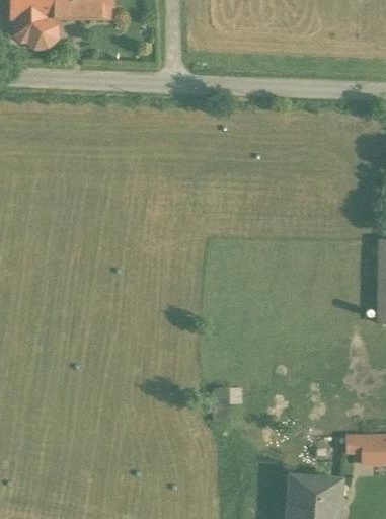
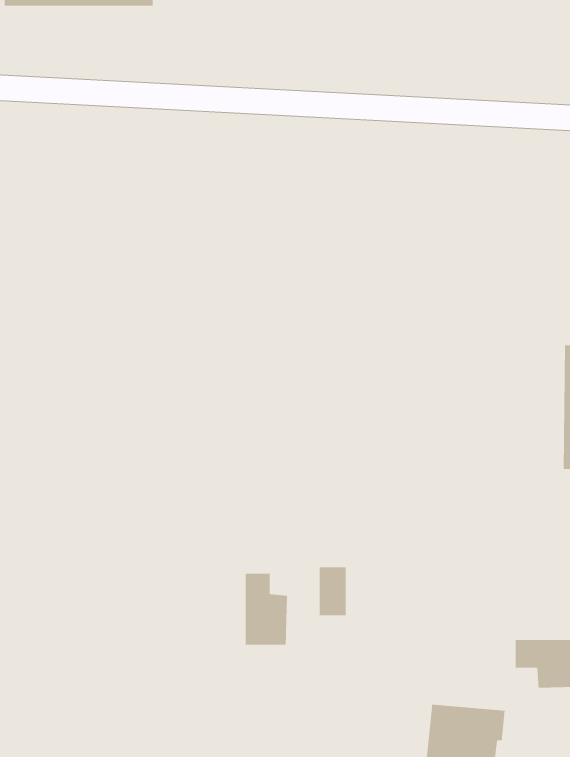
building: [16,19,51,41] -> none
building: none -> [245,573,288,646]

